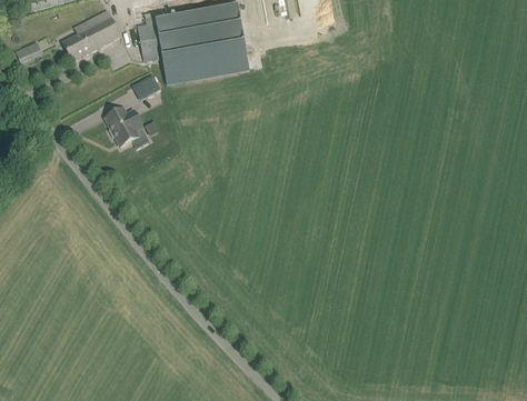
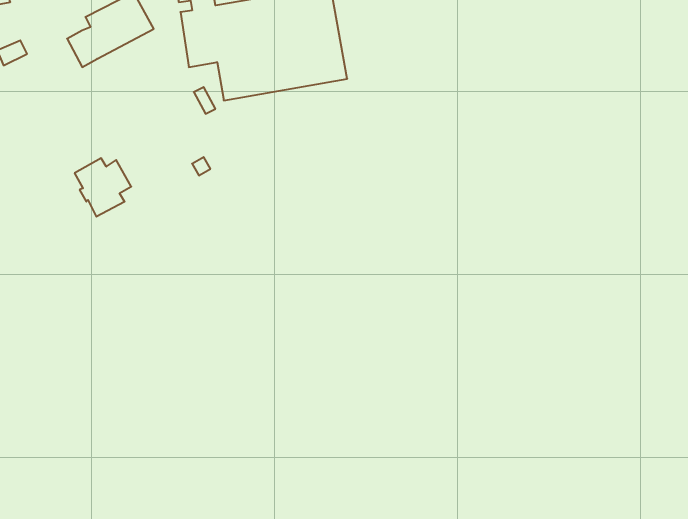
building: [106,107,143,146] -> [75,158,131,217]

